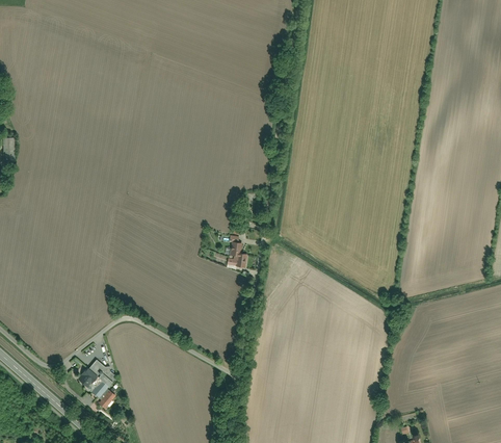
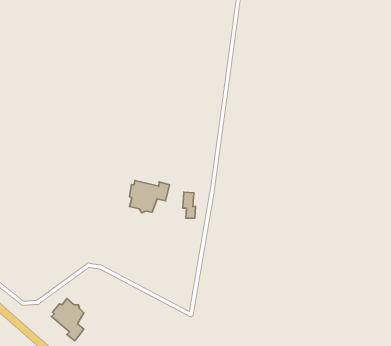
building: none -> [129,180,170,213]

